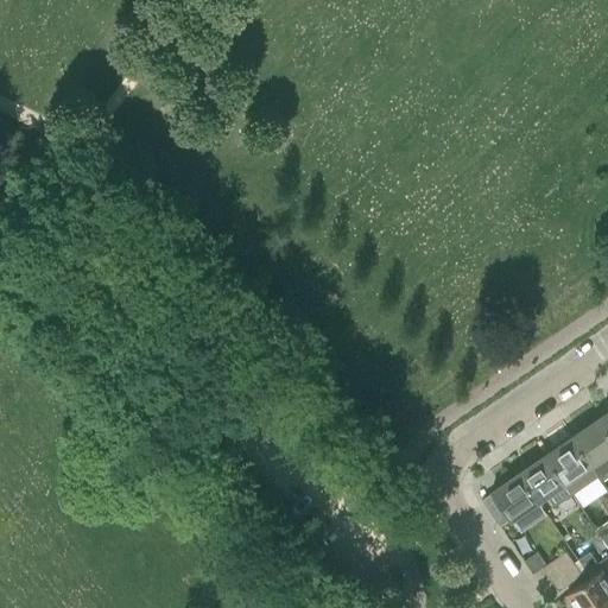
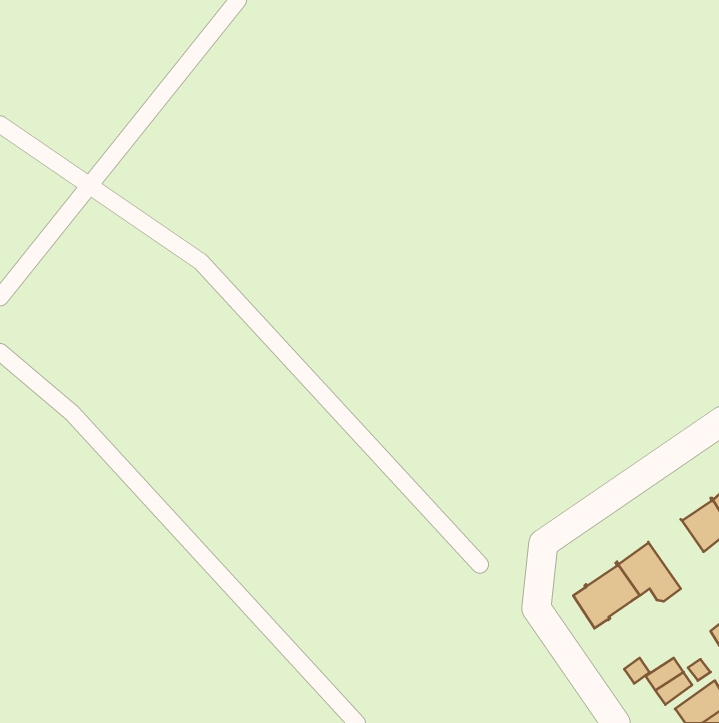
building: [547,436,602,494] -> none

